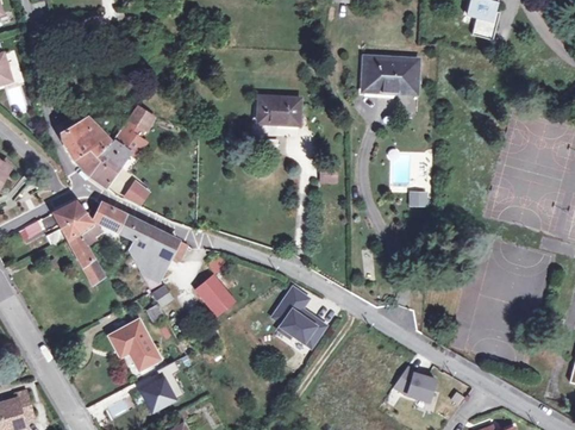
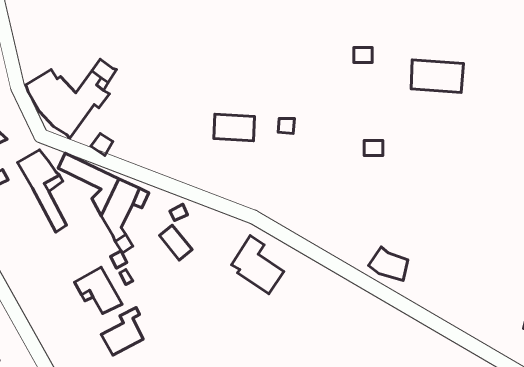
building: [363,58,417,92] -> [411,60,463,92]
building: [258,96,300,124] -> [214,114,255,141]
building: [394,366,435,400] -> [368,247,408,281]

